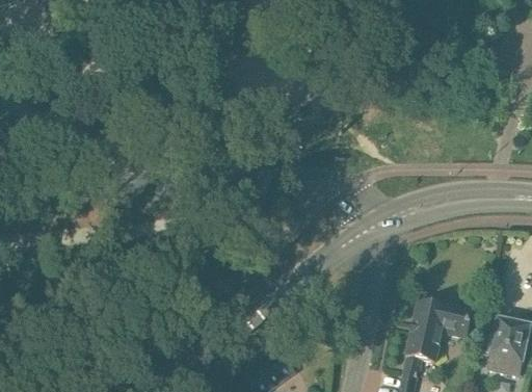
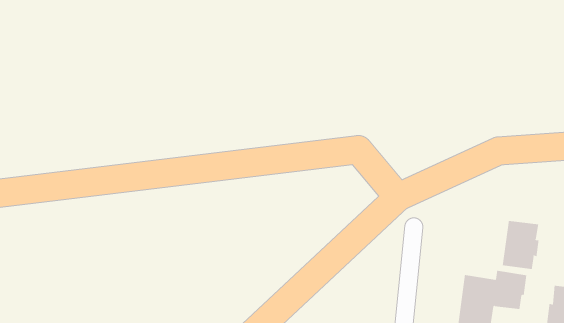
building: none -> [502,220,539,270]

